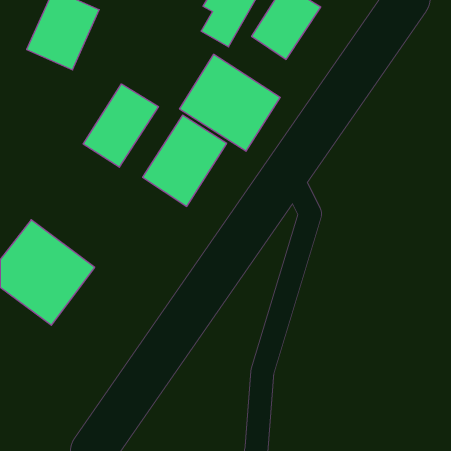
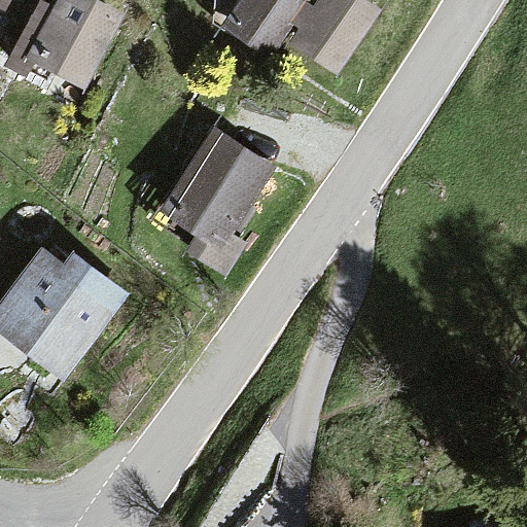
building: [180,54,280,151] -> none
building: [83,84,158,167] -> none

